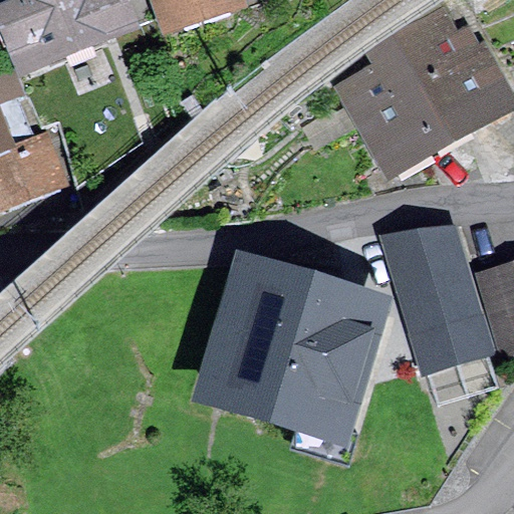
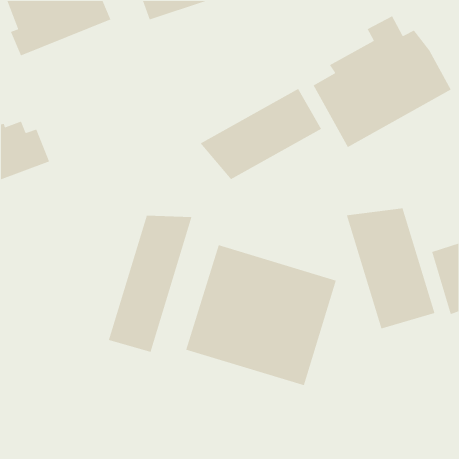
building: none -> [200,88,322,180]
building: none -> [108,215,192,353]

